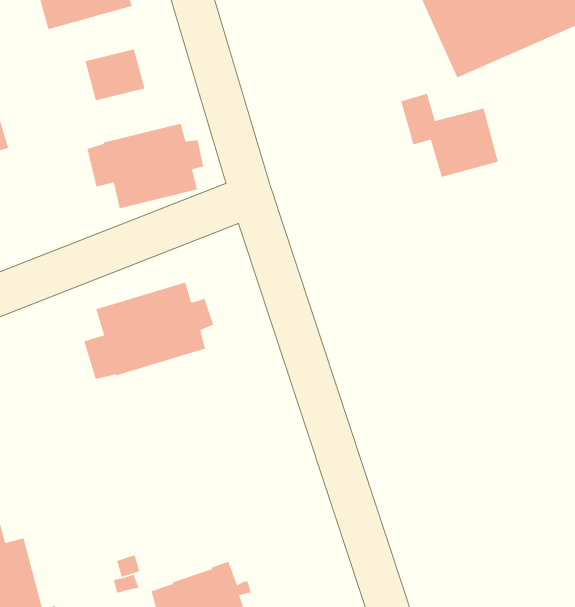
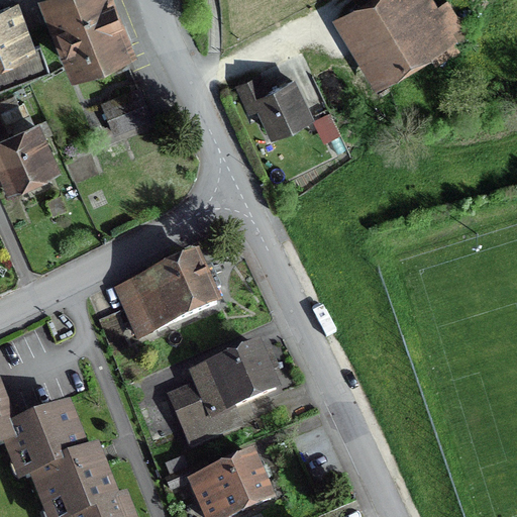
building: [400,93,499,178] -> [235,76,312,136]
building: [87,123,204,209] -> none
building: none -> [170,343,275,443]

